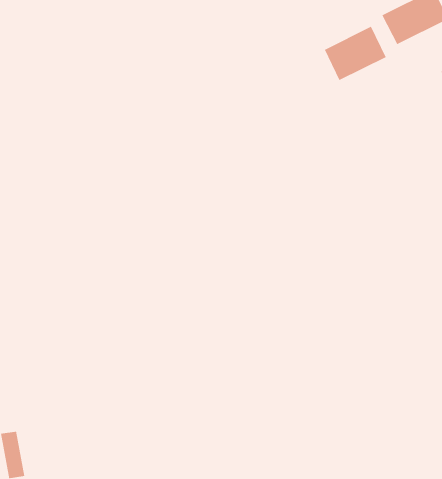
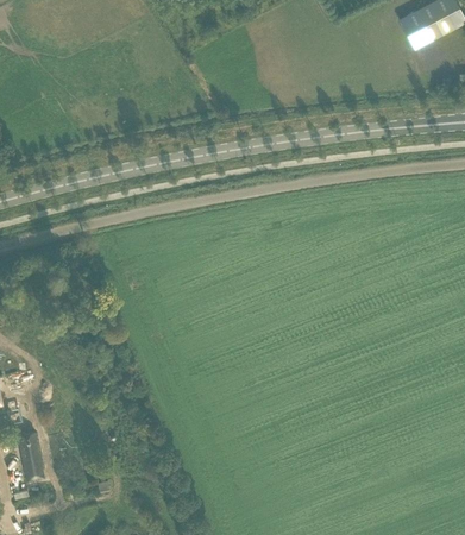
building: [324,26,386,81] -> none

